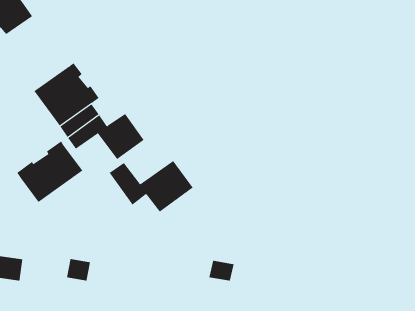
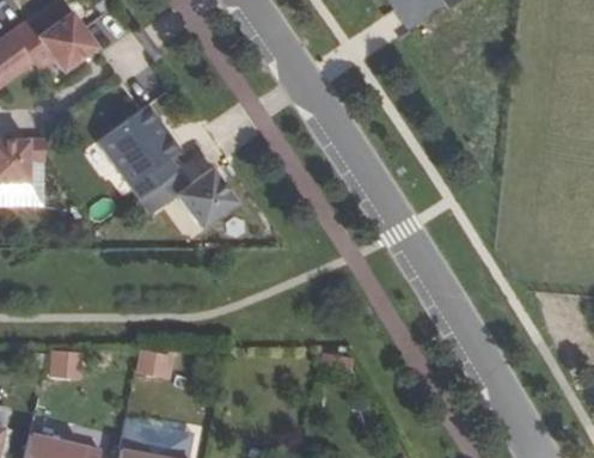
building: [17,141,83,203] -> none
building: [109,160,193,212] -> none

